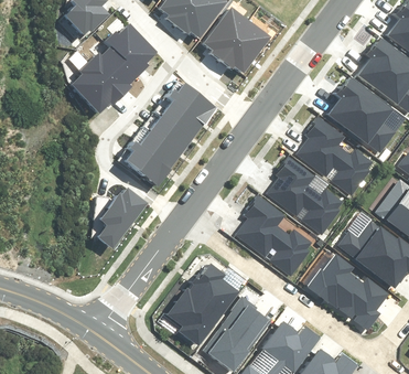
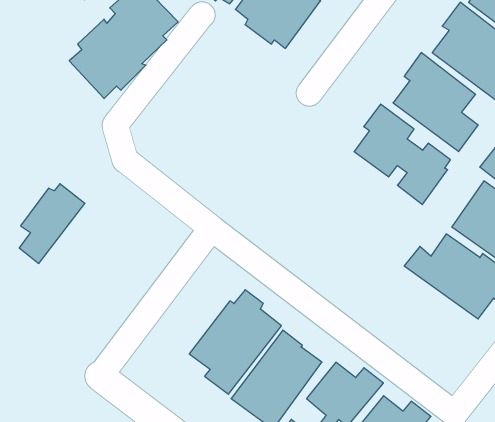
building: [125,86,215,184] -> none
building: [267,158,343,237] -> none
building: [96,188,148,250] -> [19,184,85,263]
building: [233,194,312,278] -> none
building: [306,255,390,331] -> none

